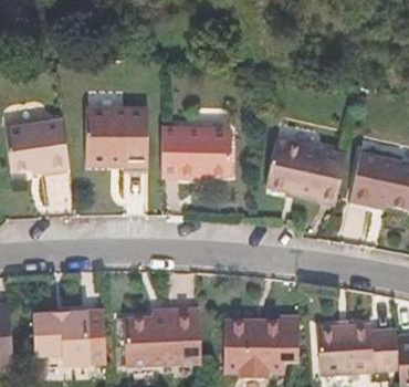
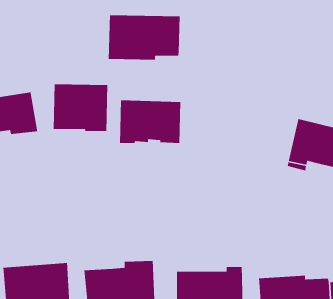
building: none -> [108,15,180,61]
building: [266,140,346,199] -> none

